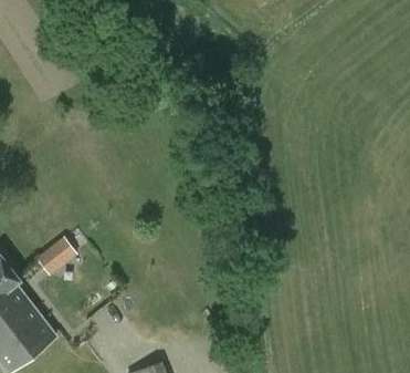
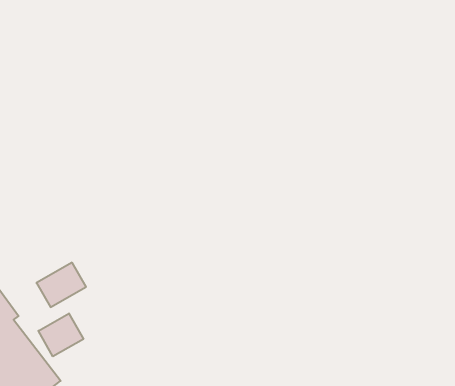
building: none -> [38,313,83,356]

